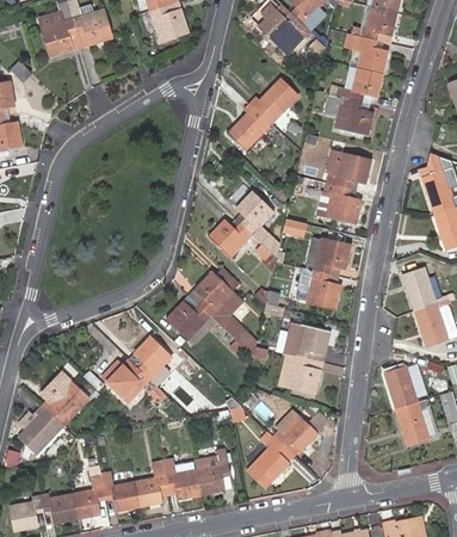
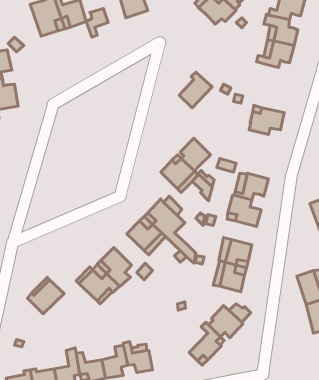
building: none -> [86,8,108,37]
building: [255,82,302,125] -> none
building: [322,93,373,134] -> none
building: [315,181,360,222] -> none
building: [14,400,57,446] -> none
building: [193,450,229,493] -> none

